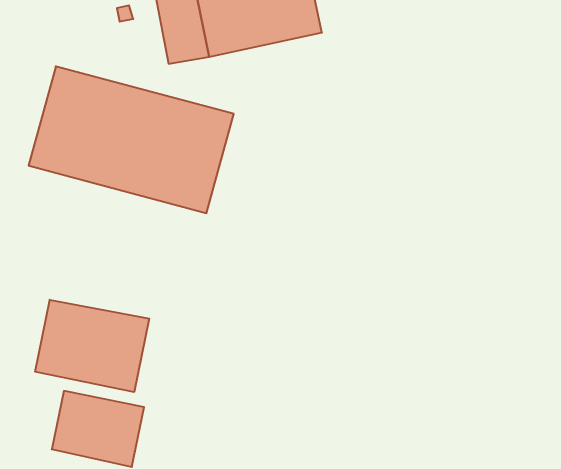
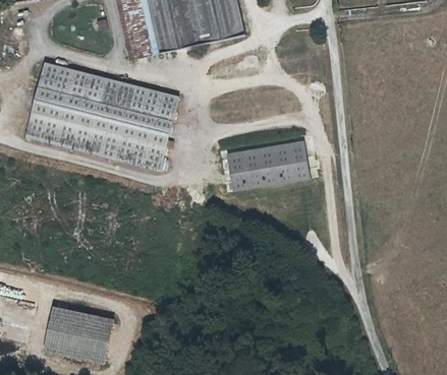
building: none -> [227,142,309,188]
building: [35,300,149,392] -> none

